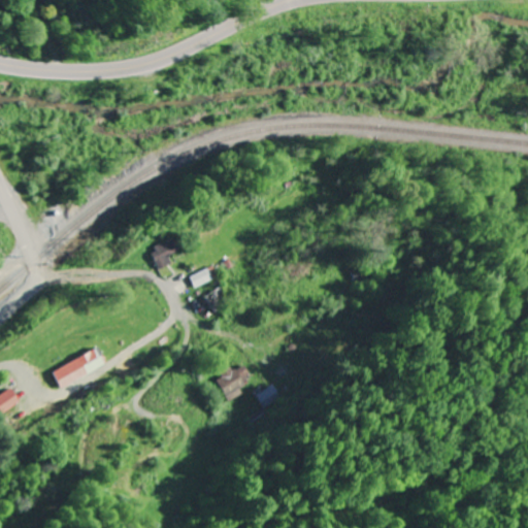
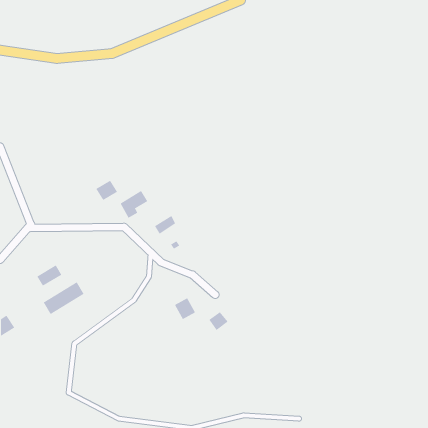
building: none -> [96,180,118,201]
building: none -> [37,264,62,287]

